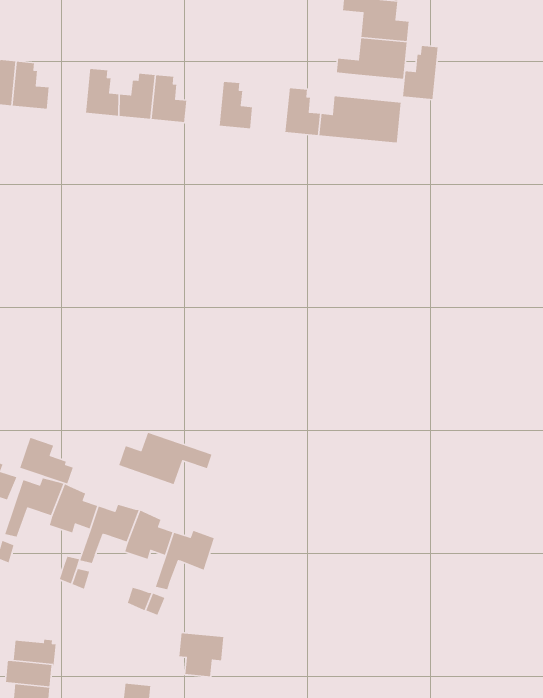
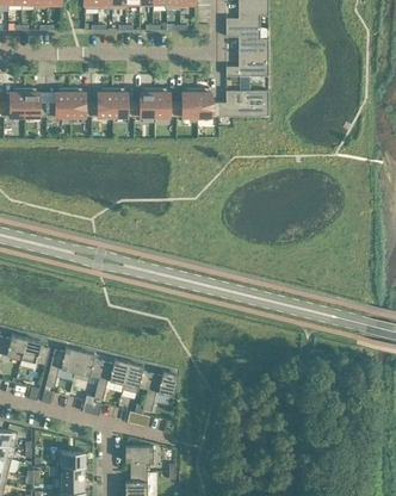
building: [402,45,438,100] -> none
building: none -> [49,88,70,117]
building: none -> [134,88,155,117]
building: none -> [175,88,197,117]
building: [118,432,213,485] -> none
building: [19,437,74,485] -> none
building: [178,632,224,677] -> [125,446,153,472]

